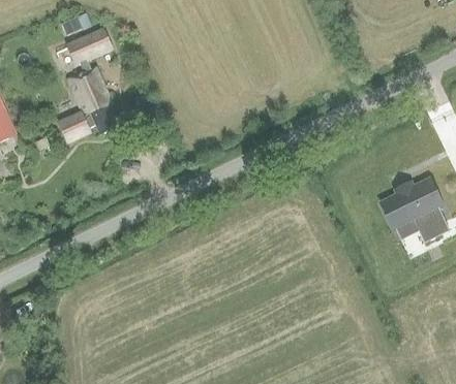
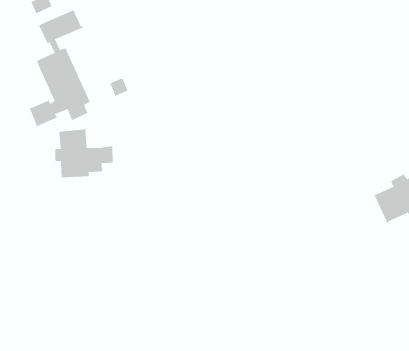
building: none -> [53,129,113,178]

